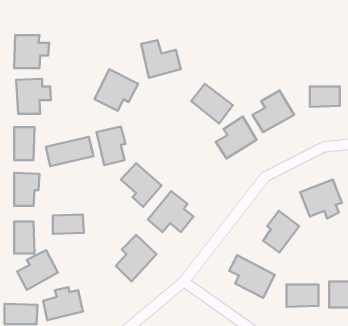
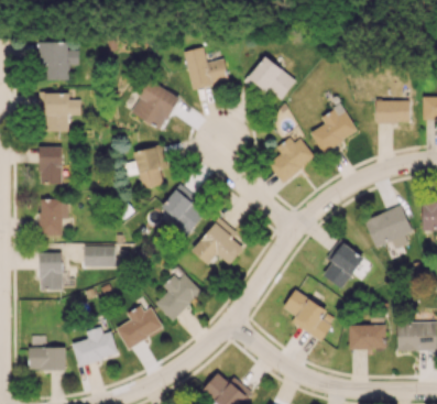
building: [191,84,233,123] -> [249,56,296,101]
building: [46,137,93,166] -> none
building: [17,250,58,290] -> [117,304,163,349]

